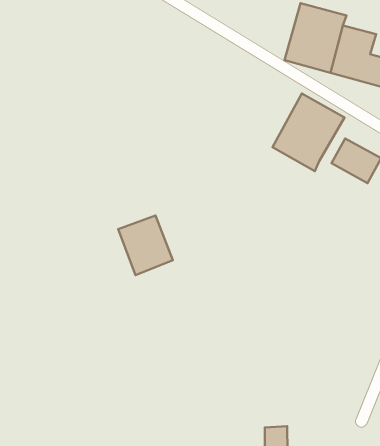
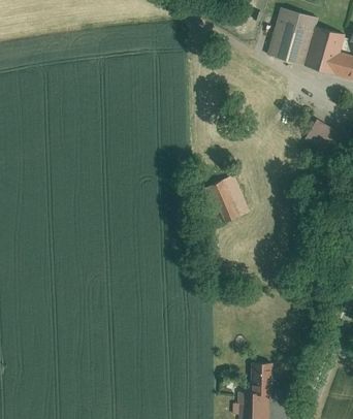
building: [272,93,344,171] -> none
building: [118,216,173,275] -> [204,175,250,225]

